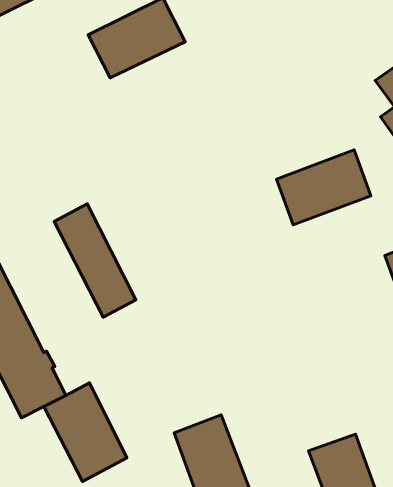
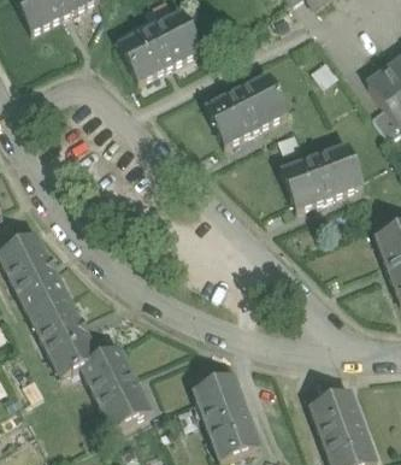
building: none -> [204,72,288,143]
building: [54,204,136,317] -> none

